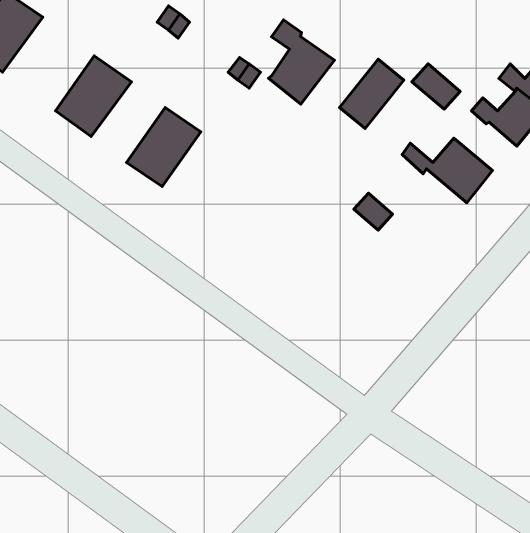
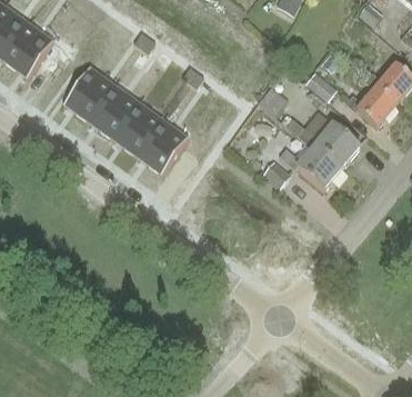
building: [268,20,334,104] -> none
building: none -> [86,82,137,138]
building: none -> [134,117,187,172]
building: none -> [281,142,344,187]

